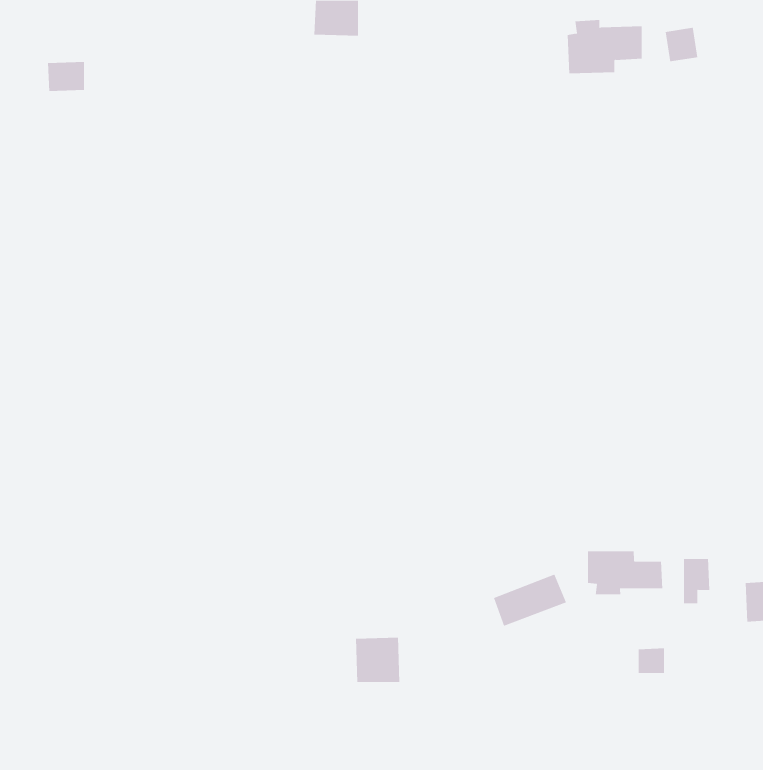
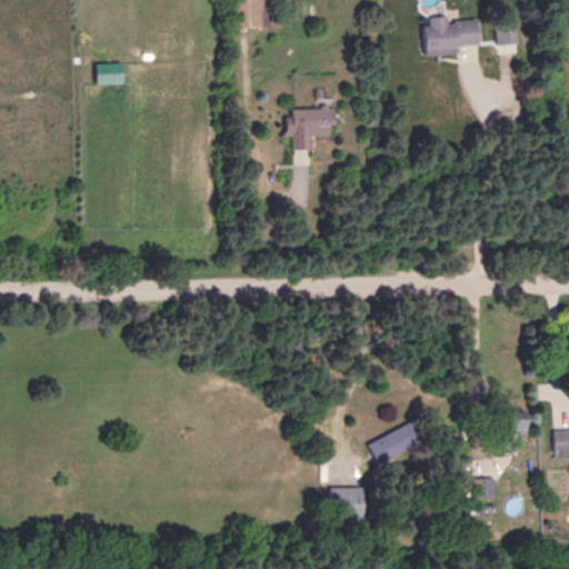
building: [47,61,85,92] -> [94,62,122,84]
building: none -> [287,108,335,150]
building: [587,551,663,595] -> none
building: [355,637,400,682] -> [331,487,365,520]

